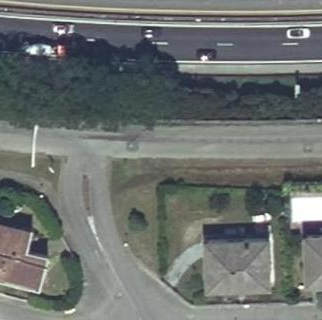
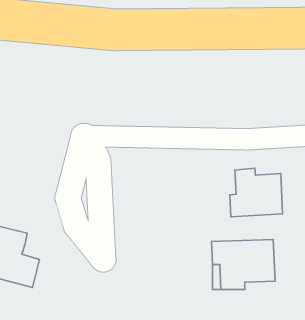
building: none -> [230,168,282,217]

